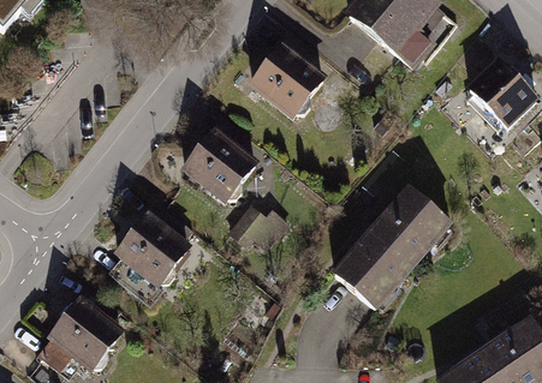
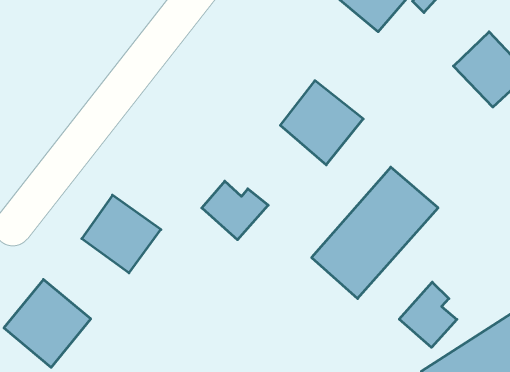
building: [248,41,326,120] -> [280,81,363,165]
building: [183,126,256,201] -> none
building: none -> [399,282,457,347]

